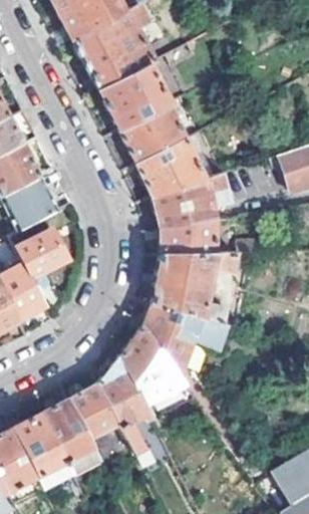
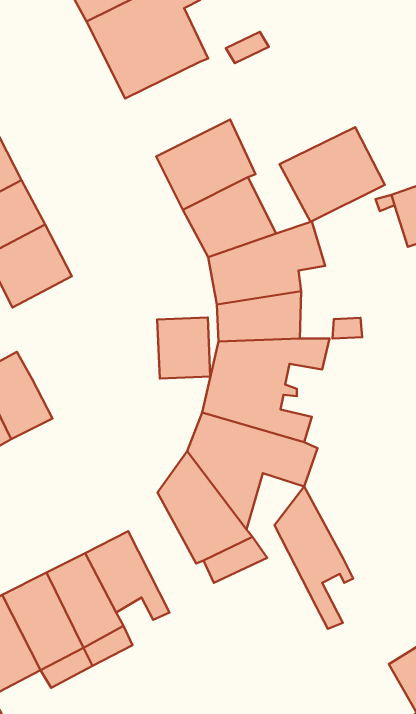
building: [97,64,169,128] -> [280,127,385,222]
building: [18,229,68,279] -> none
building: none -> [157,318,210,378]
building: [99,356,152,453] -> [275,487,353,629]

